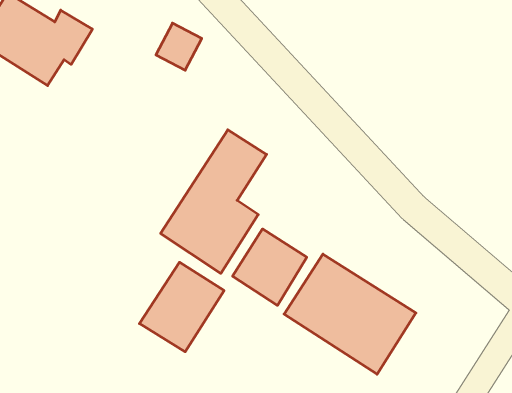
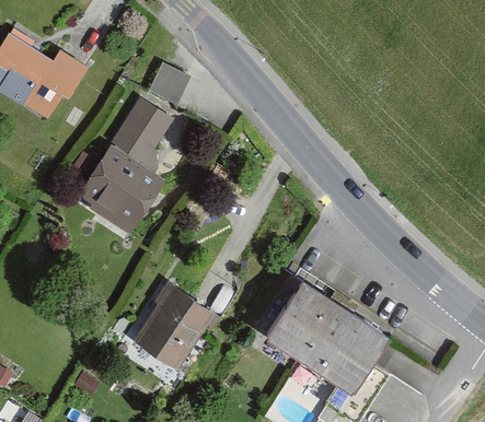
building: [161,130,267,273] -> [76,102,174,235]
building: [233,229,307,305] -> none

